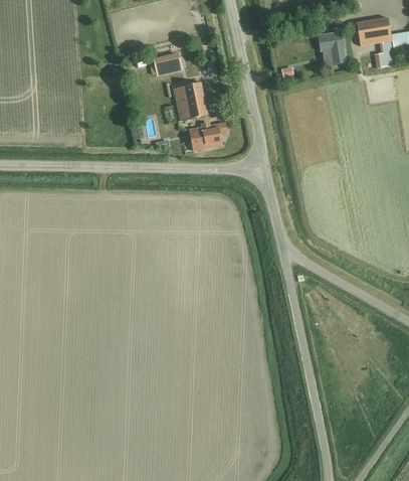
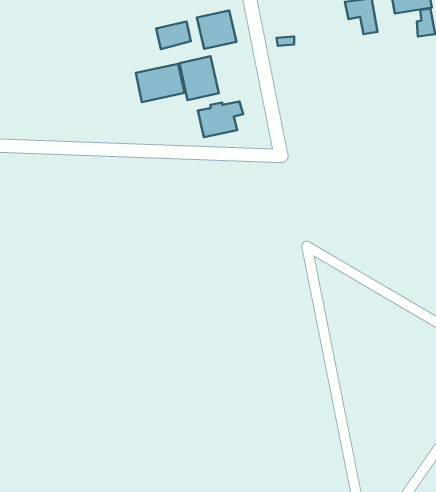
building: none -> [197,11,236,49]
building: none -> [136,64,184,102]

